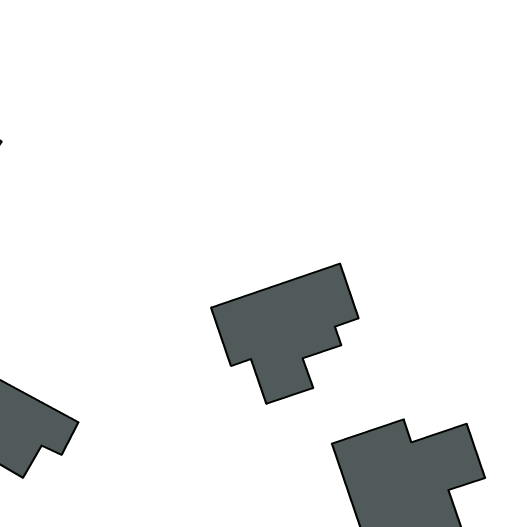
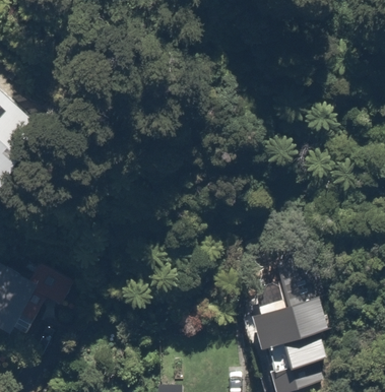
building: [211,264,358,404] -> none

